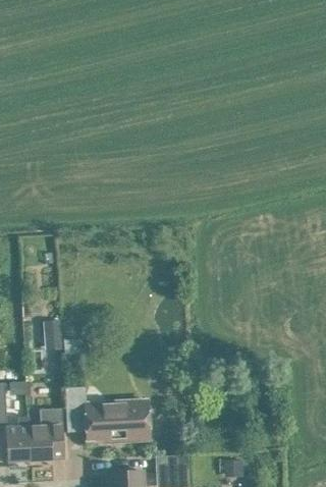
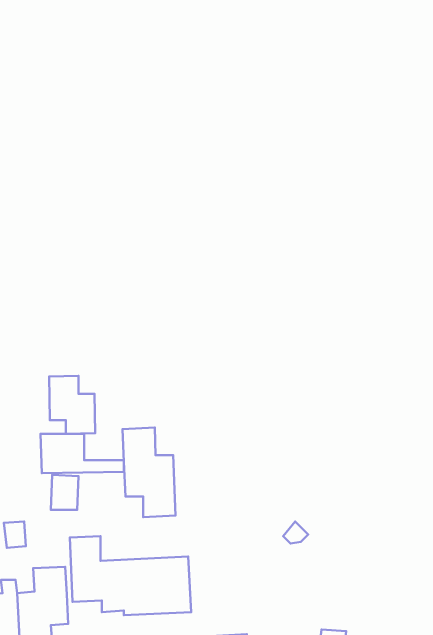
building: none -> [49,376,95,434]
building: none -> [123,428,175,517]

